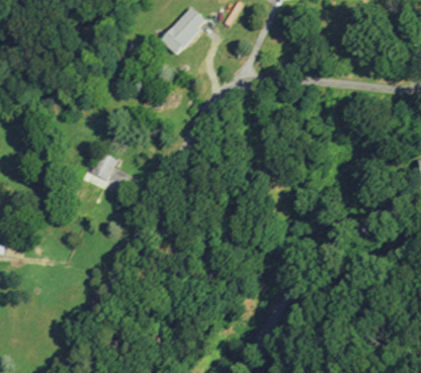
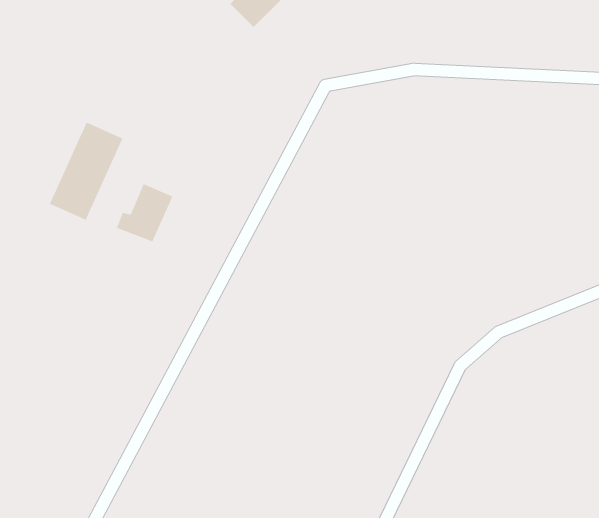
building: none -> [49,121,123,221]

